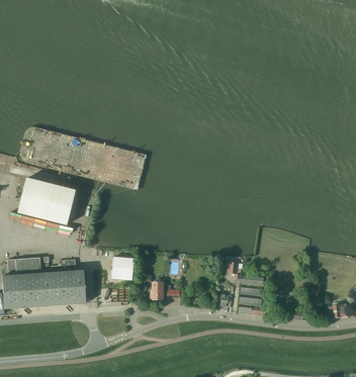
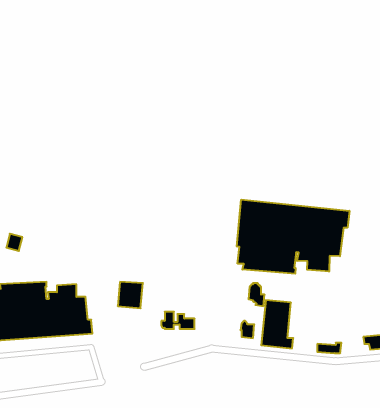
building: [18,178,78,224] -> none
building: none -> [237,200,349,274]

